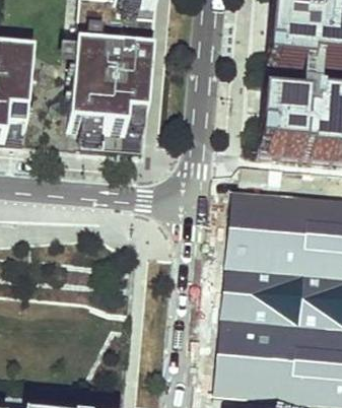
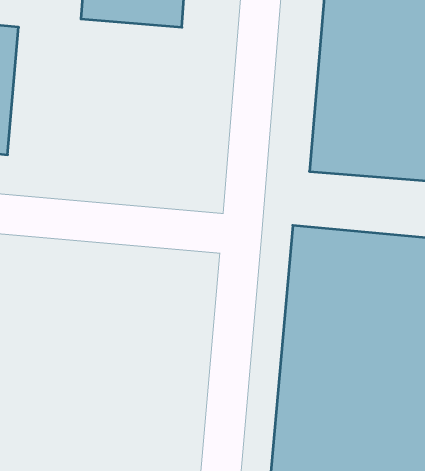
building: [68,40,151,149] -> none

